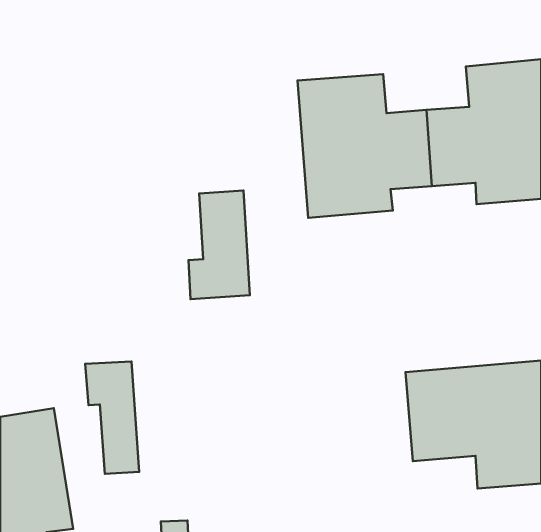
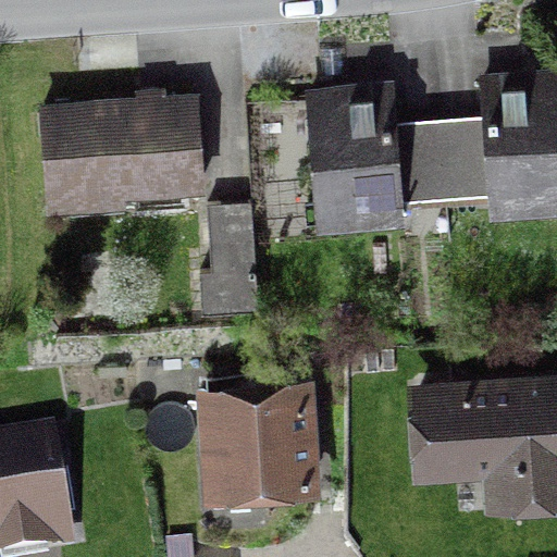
building: none -> [39,90,205,216]
building: [85,361,139,474] -> none
building: none -> [201,386,313,499]

